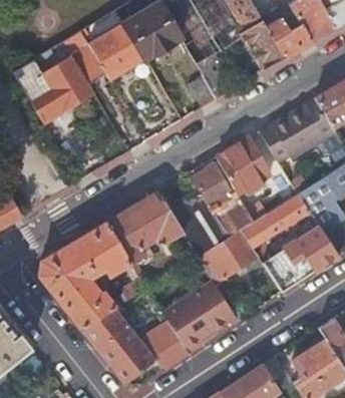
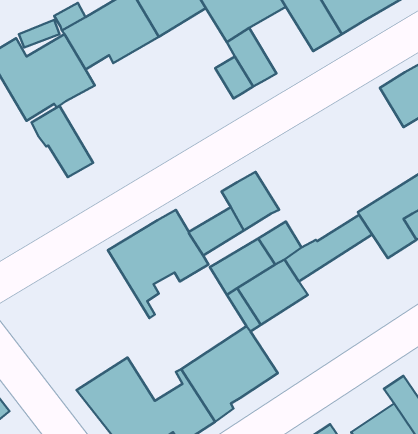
building: [259,98,335,164] -> none
building: none -> [31,106,93,177]
building: [216,137,270,193] -> none
building: [38,223,146,330] -> none
building: [262,229,338,294] -> none

